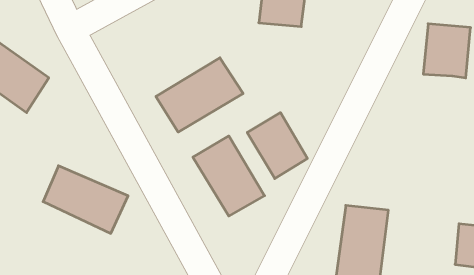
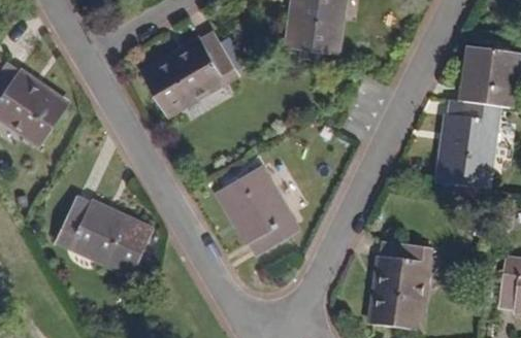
building: [156,58,243,132] -> [144,32,237,111]
building: none -> [443,100,496,187]
building: [247,113,307,179] -> none

